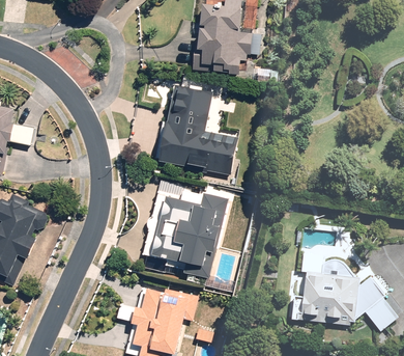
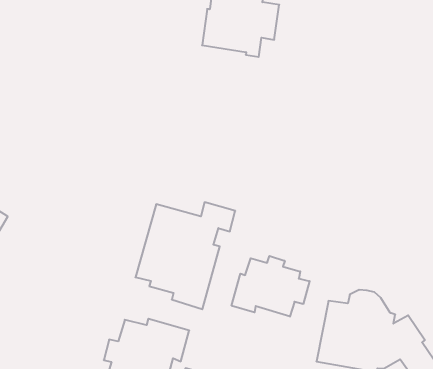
building: [158,84,236,173] -> none
building: none -> [232,256,310,317]

